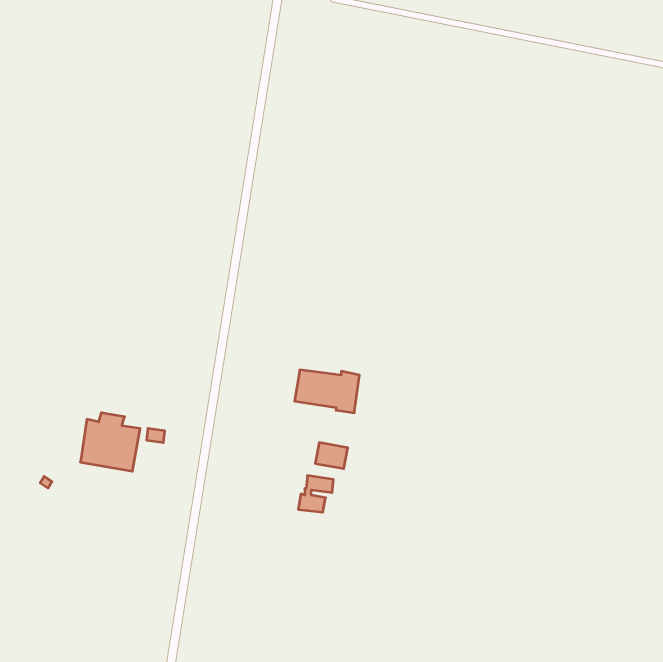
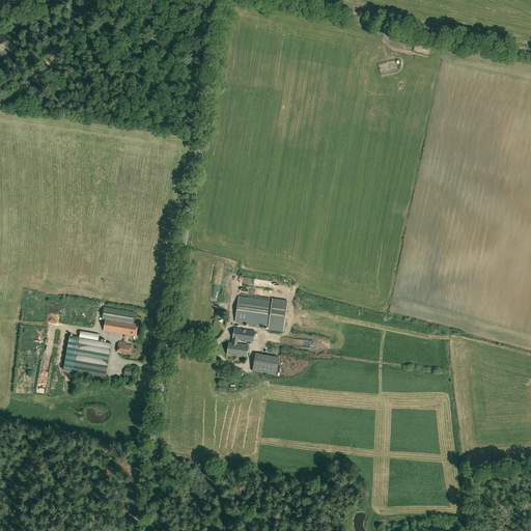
building: none -> [102,306,138,335]
building: [298,476,333,512] -> [227,327,255,356]

